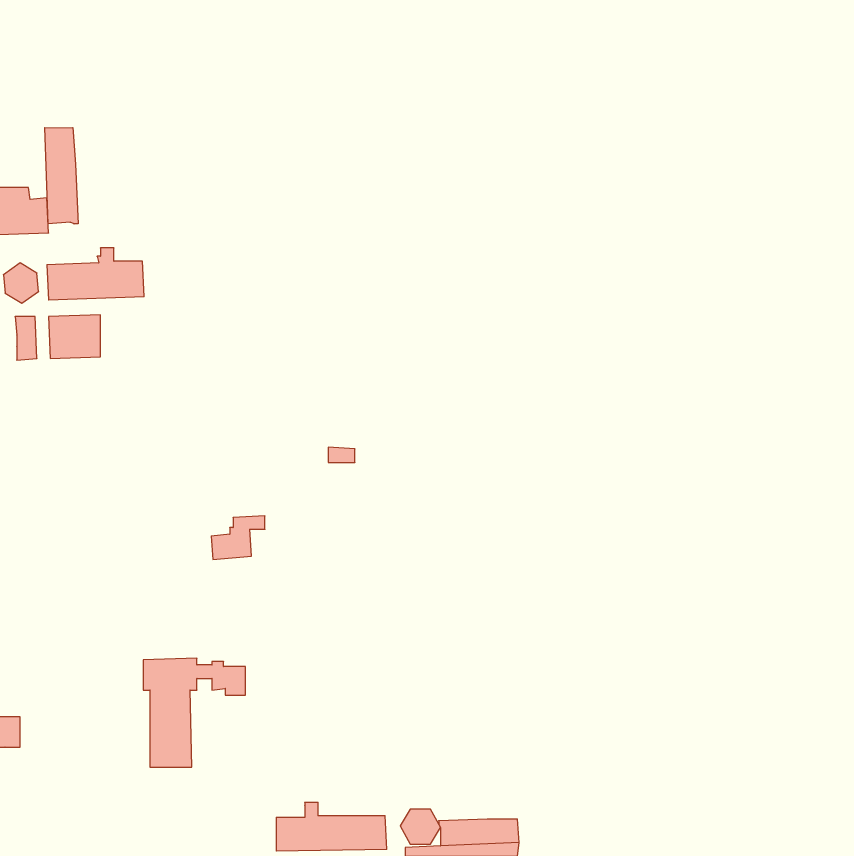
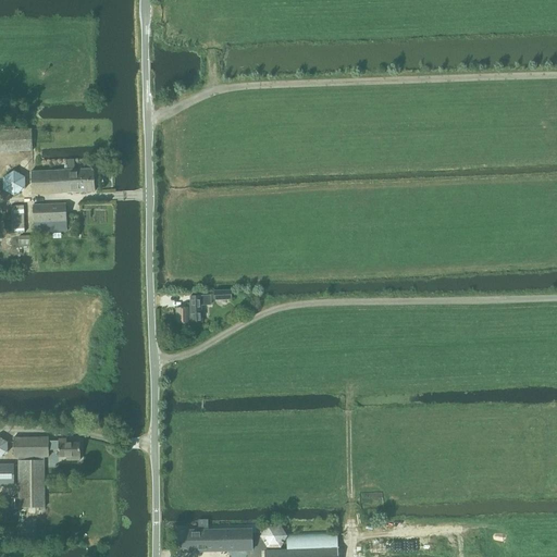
building: [45,128,78,224] -> none
building: [211,516,265,559] -> [175,296,210,324]
building: [143,658,245,767] -> [13,437,79,508]

